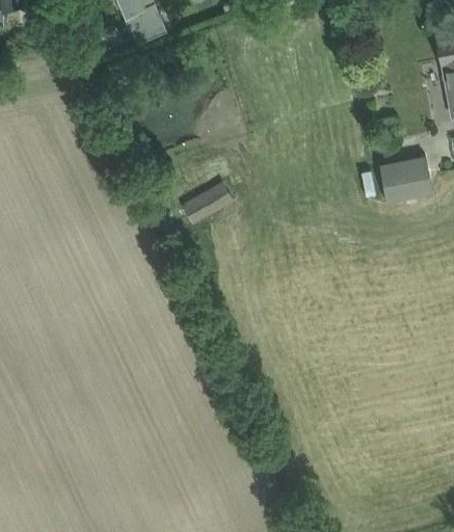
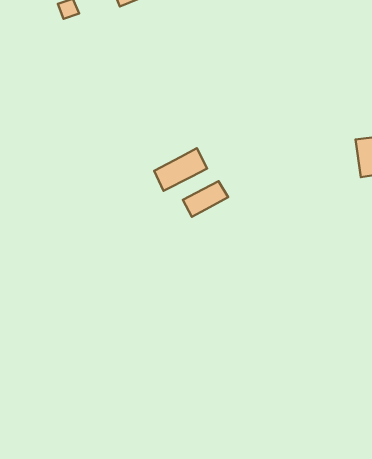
building: none -> [183,181,228,217]

